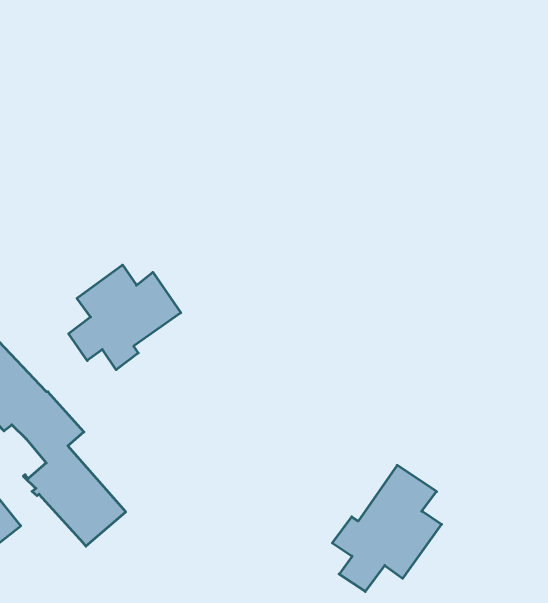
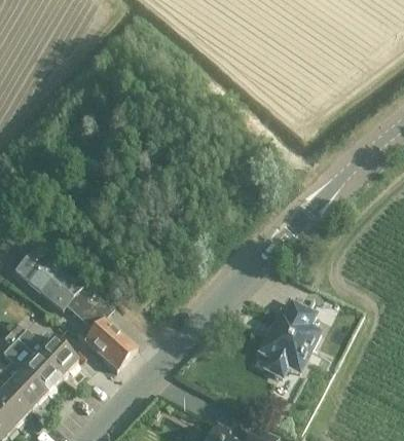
building: [69,265,181,370] -> none

